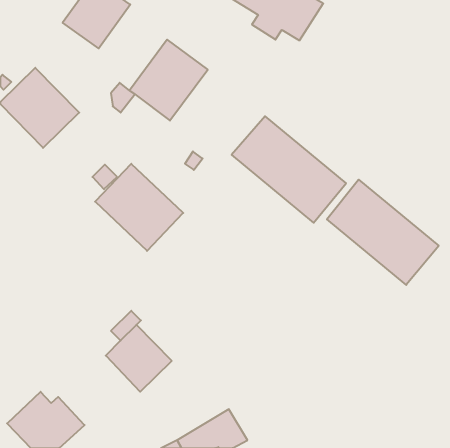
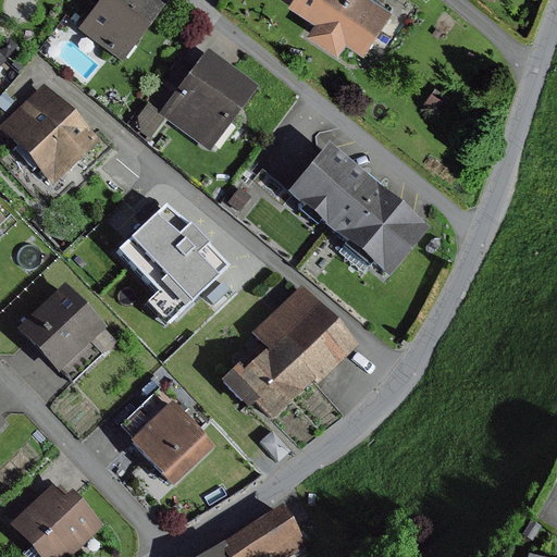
building: [327,180,439,285] -> none
building: none -> [16,283,104,372]
building: none -> [222,284,358,421]

